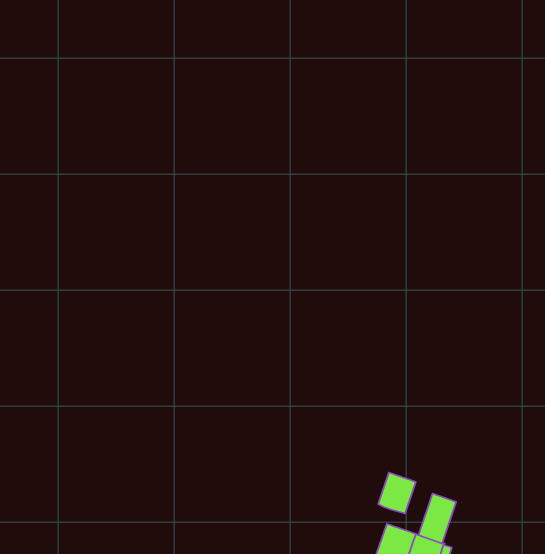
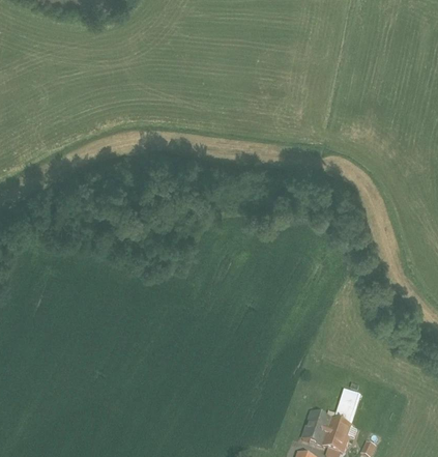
building: [378,472,416,514] -> none

